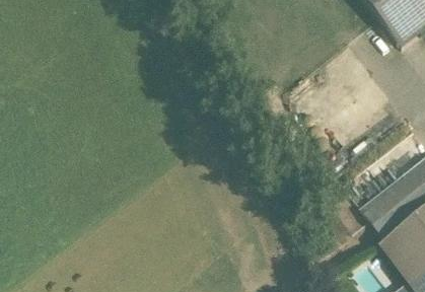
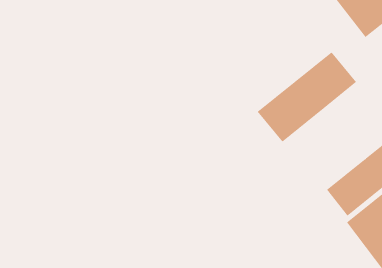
building: none -> [257,51,357,143]

